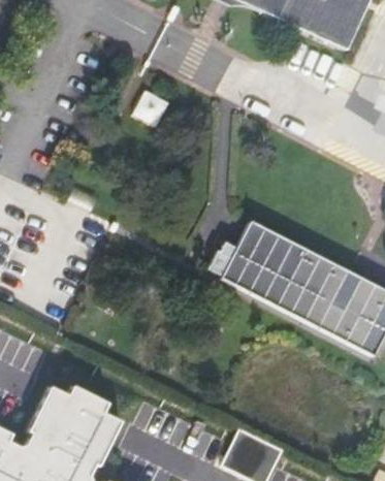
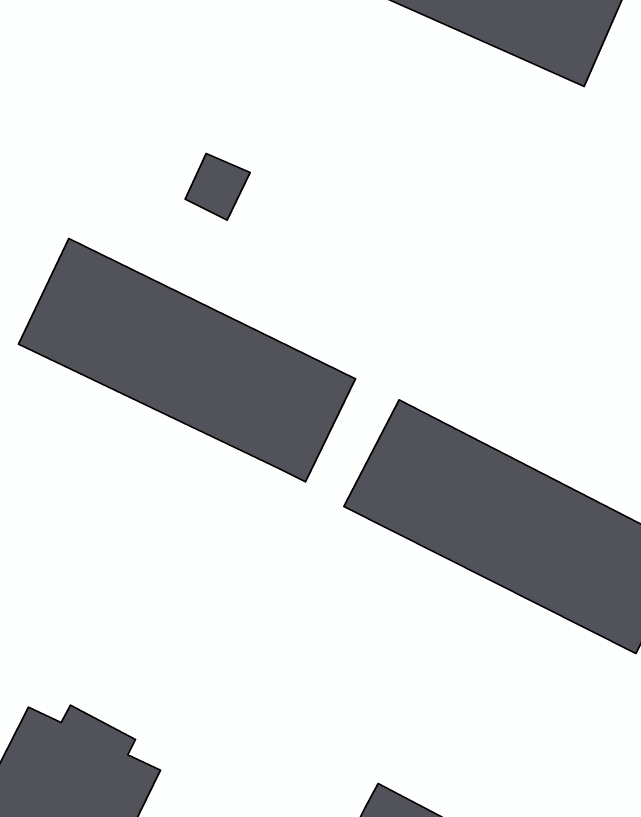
building: none -> [19,239,355,482]

